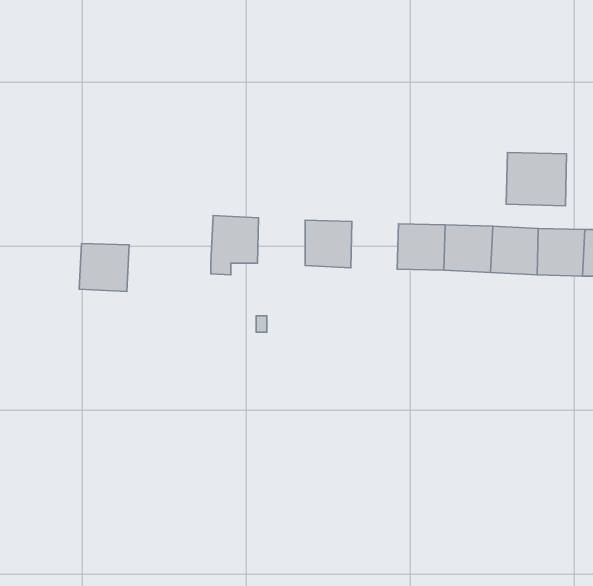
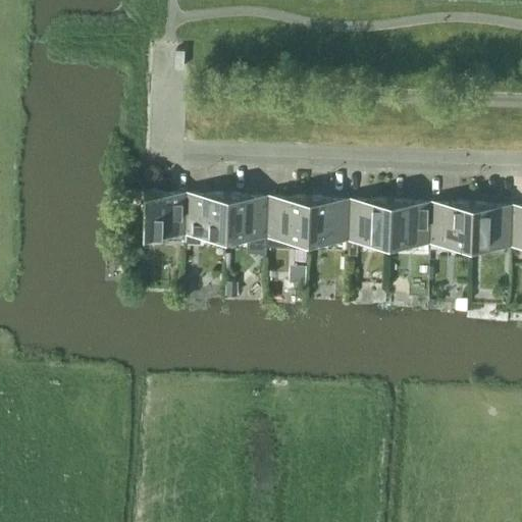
building: [506,152,567,206] -> none
building: none -> [227,199,269,241]
building: none -> [309,202,351,244]
building: [79,244,129,291] -> [145,196,189,238]

